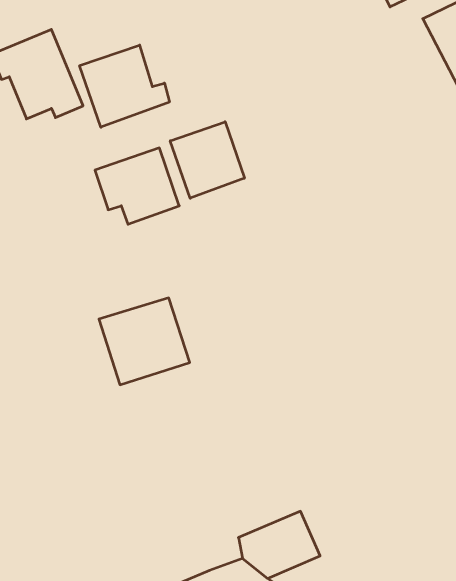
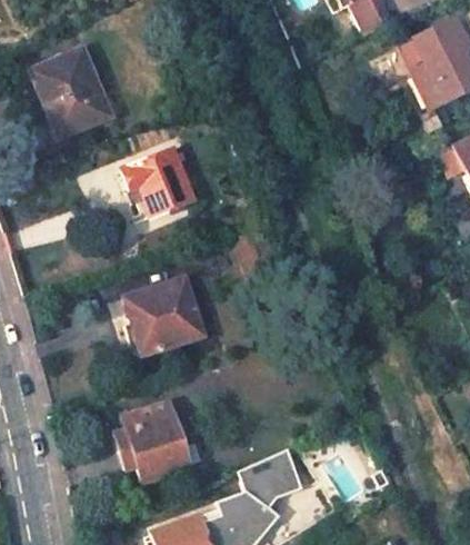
building: [80,45,169,127] -> none
building: [170,122,244,198] -> none
building: none -> [119,414,189,480]

